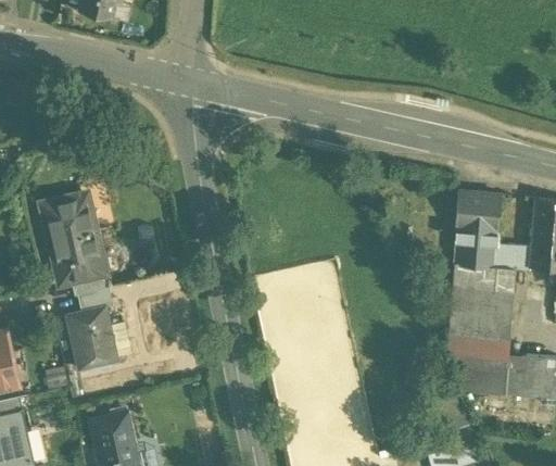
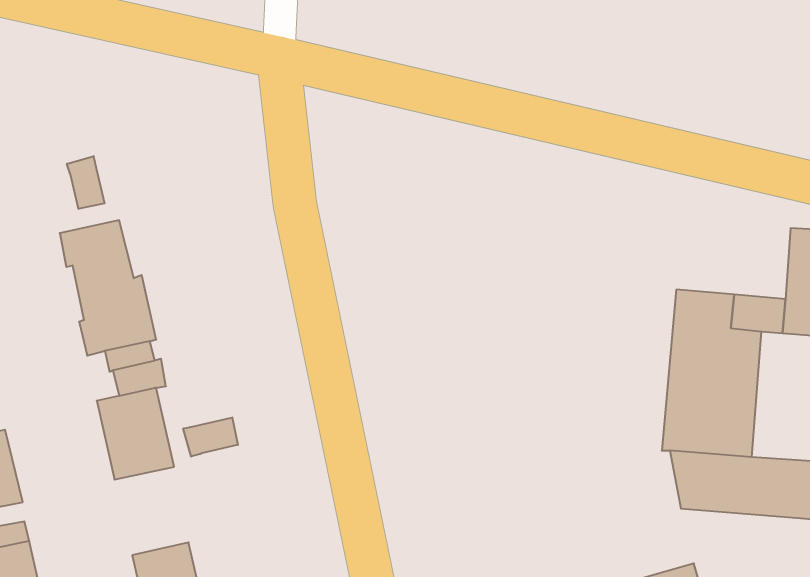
building: none -> [67,156,105,209]
building: [456,193,500,244] -> none
building: none -> [183,417,238,457]

